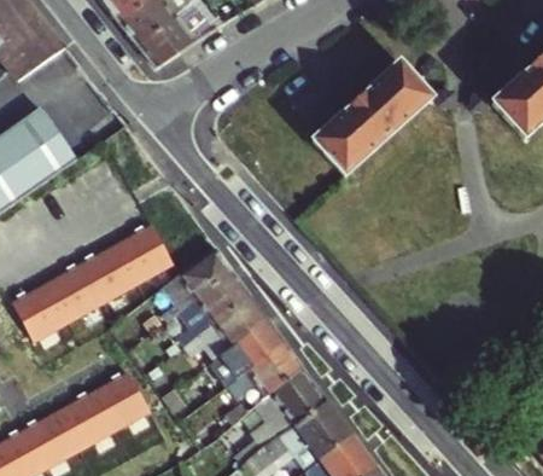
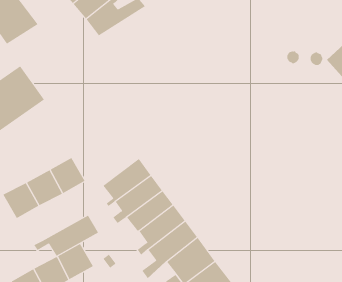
building: [314,62,430,173] -> none
building: [116,226,171,280] -> none
building: none -> [34,215,99,257]

